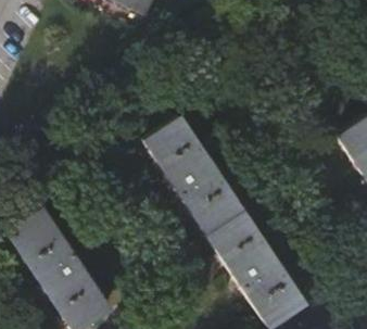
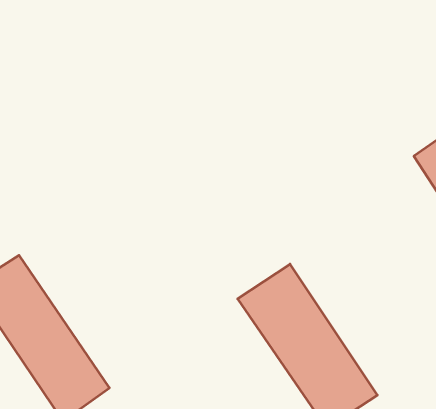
building: [143,119,245,241] -> none

